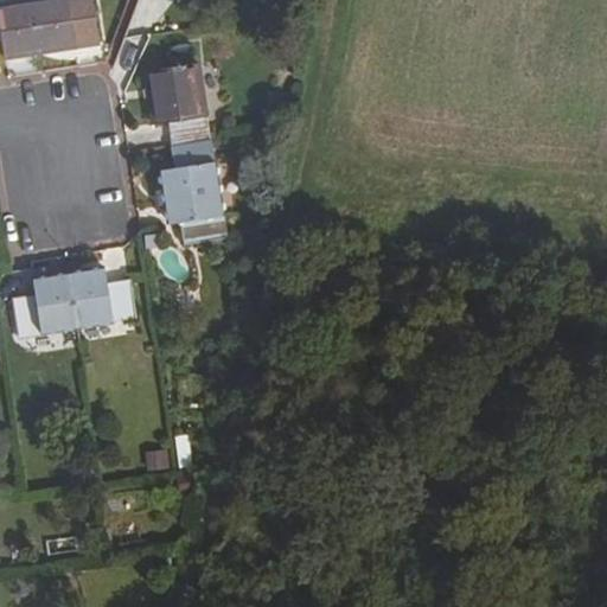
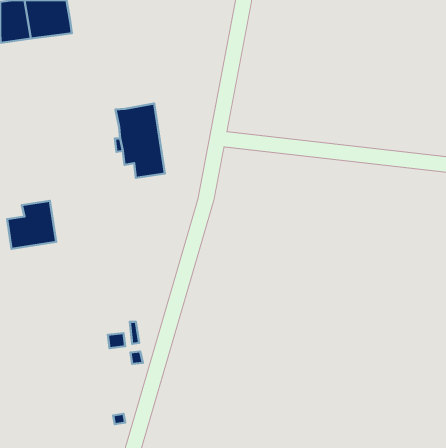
building: [148,64,211,147] -> none
building: [71,267,134,327] -> none

